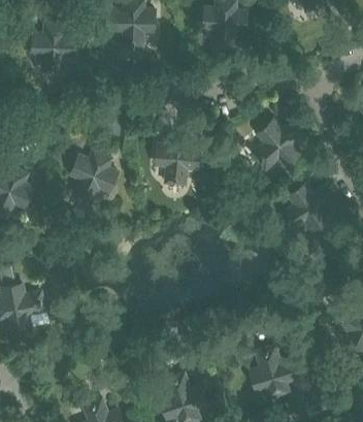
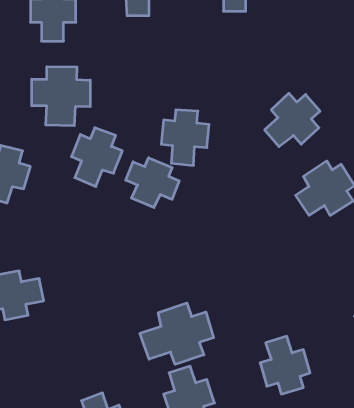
building: none -> [32,67,90,126]
building: none -> [126,158,179,208]
building: none -> [140,303,214,364]

